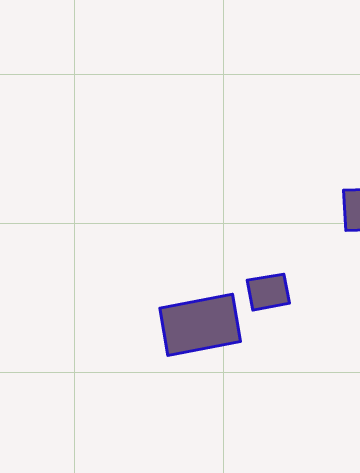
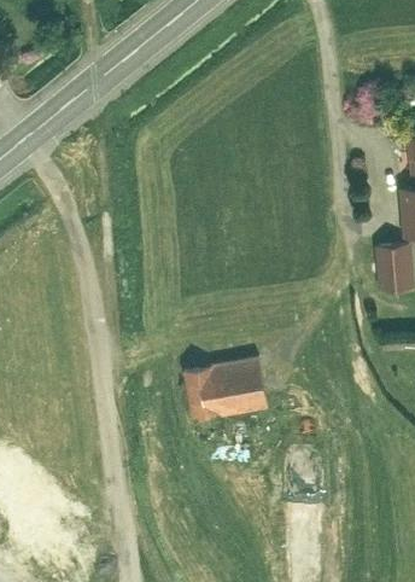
building: [247,274,289,310] -> none

